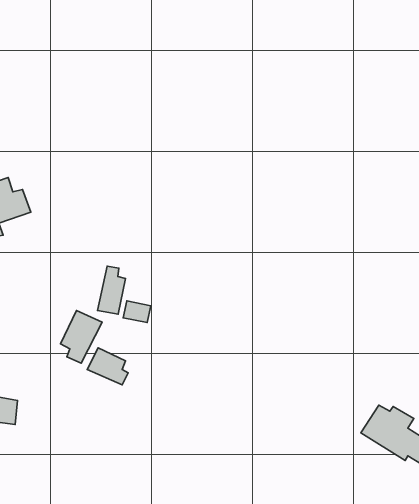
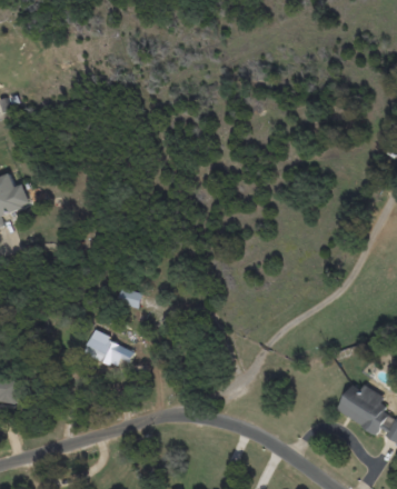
building: [98,266,125,314] -> none
building: [60,310,102,363] -> none

